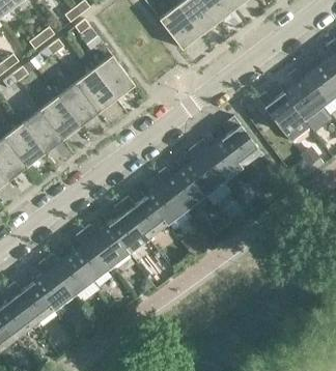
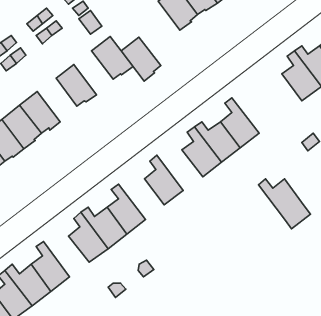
building: [76,69,115,113] -> [121,37,161,81]
building: [257,92,309,142] -> [258,179,310,229]
building: [39,96,79,140] -> none
building: [159,168,204,208] -> none
building: [120,197,166,237] -> none
building: [46,254,91,294] -> none

